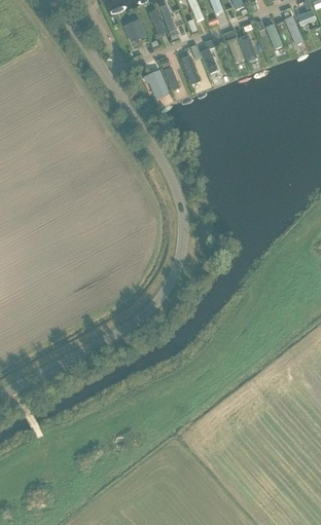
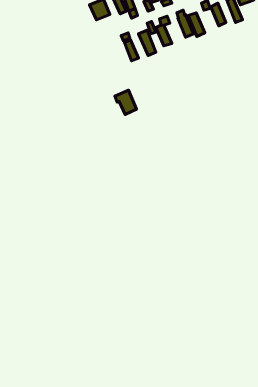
building: [142,67,168,96] -> [115,90,137,114]

